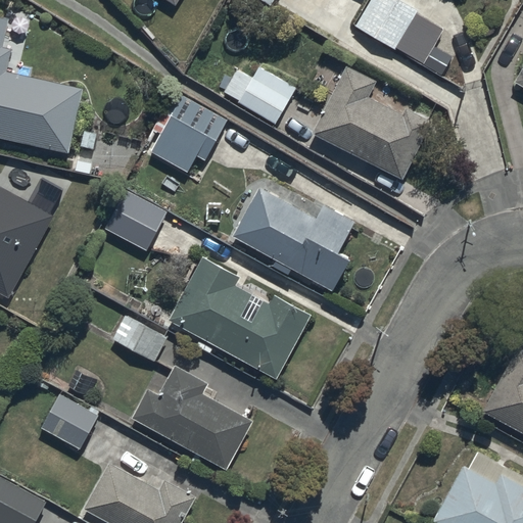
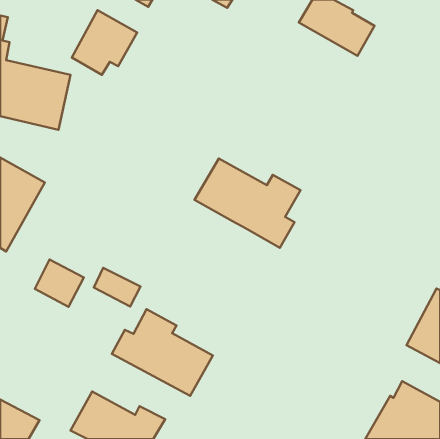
building: [222,59,295,125] -> none
building: [313,67,430,181] -> none
building: [151,95,229,172] -> [72,10,137,75]
building: [104,189,167,250] -> none
building: [170,258,312,380] -> none
building: [41,391,99,447] -> [35,259,84,307]

